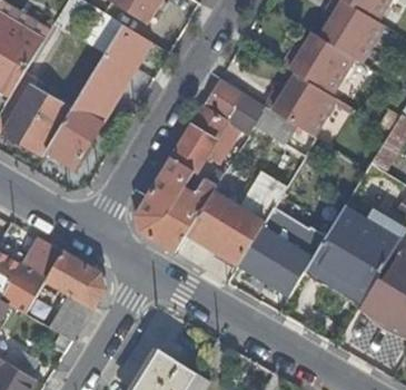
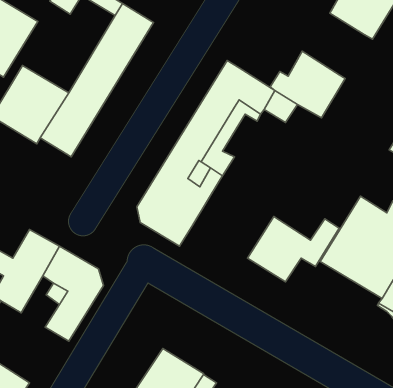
building: [278,30,348,92] -> none
building: [188,187,280,264] -> none

